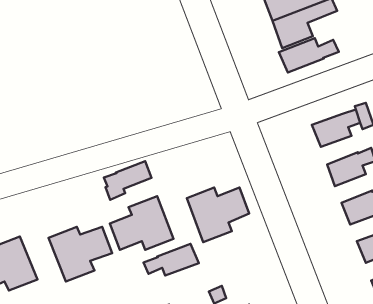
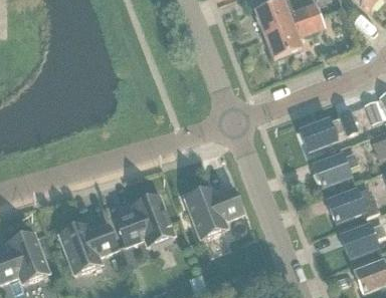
building: [279,38,339,73] -> none
building: [104,161,151,200] -> none
building: [143,244,199,276] -> none

